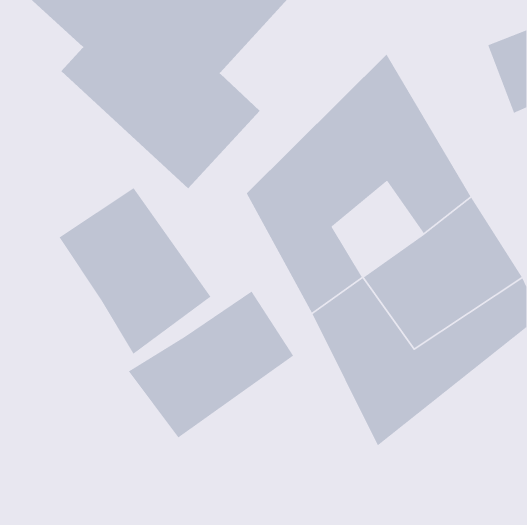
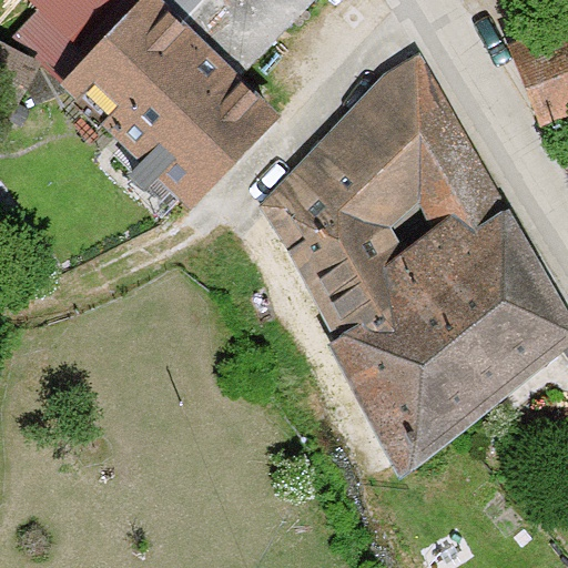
building: [58,187,212,355] -> none
building: [128,291,294,438] -> none

